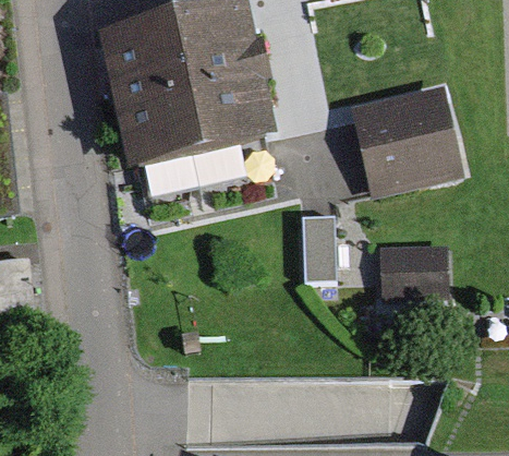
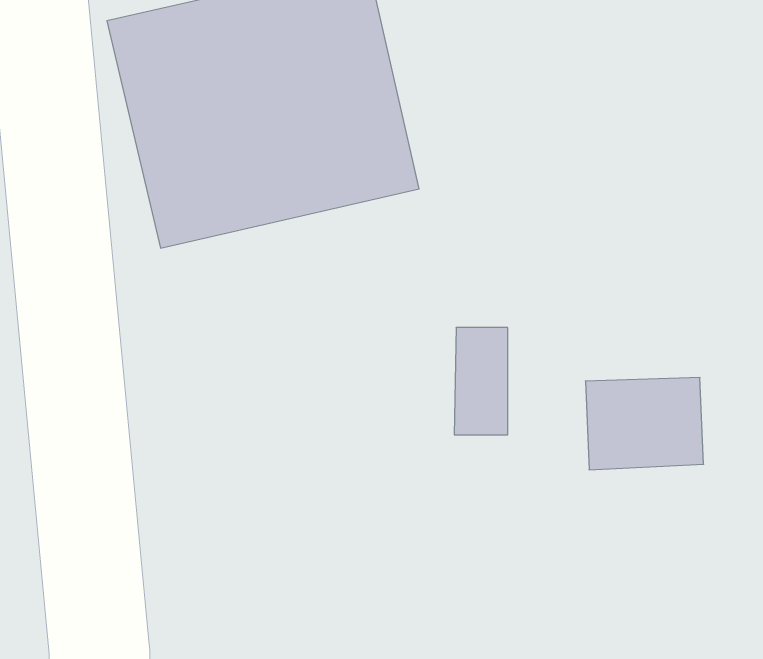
building: [350,85,463,196] -> none

